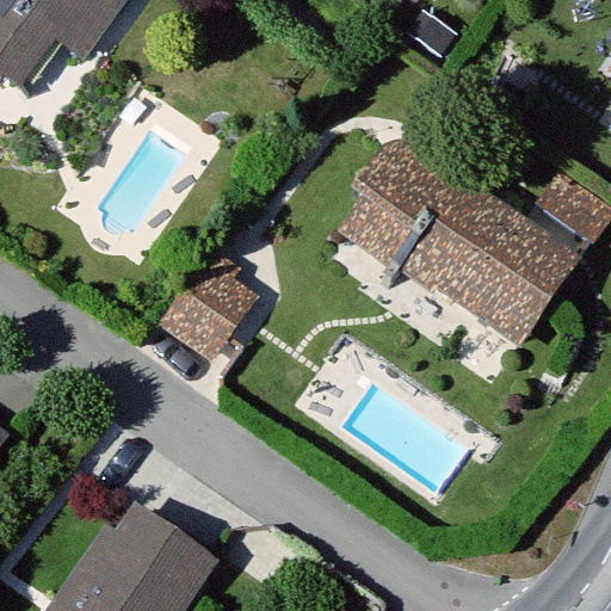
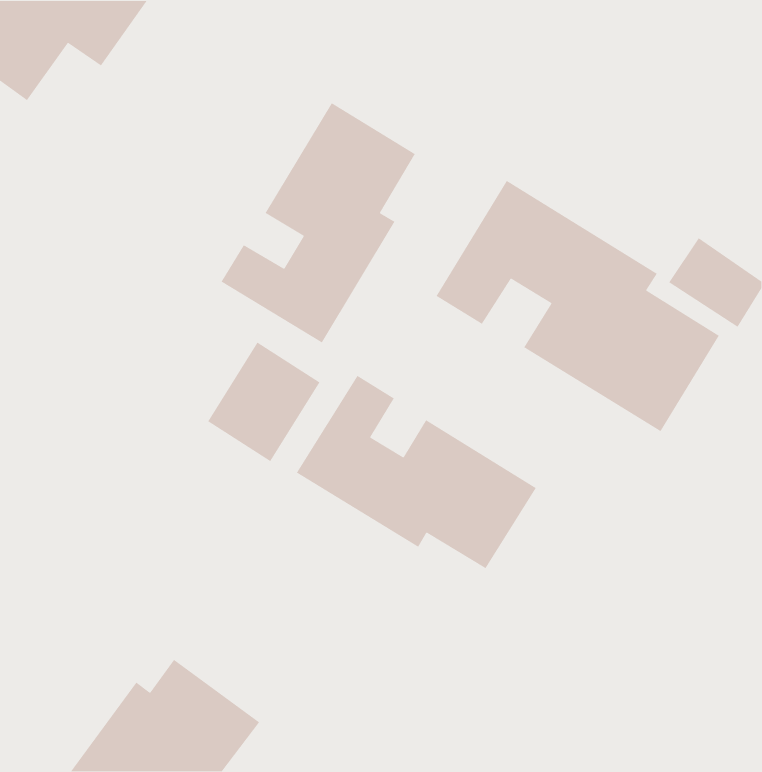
building: none -> [221,102,416,344]
building: none -> [296,375,537,569]

